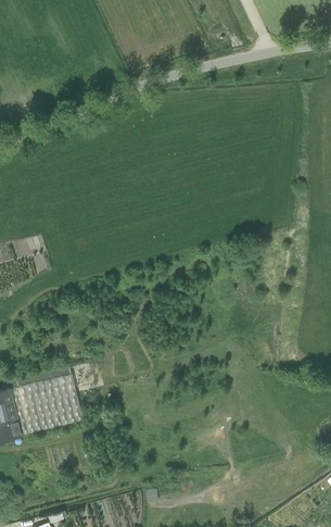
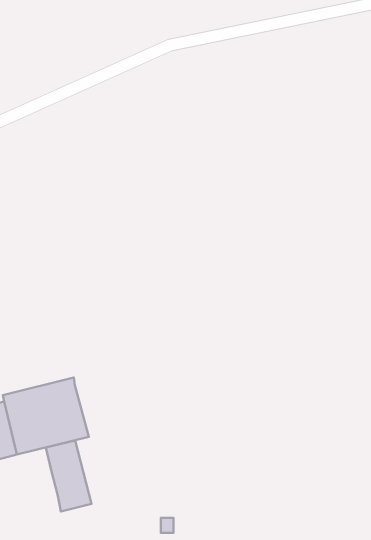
building: none -> [46,441,91,511]

